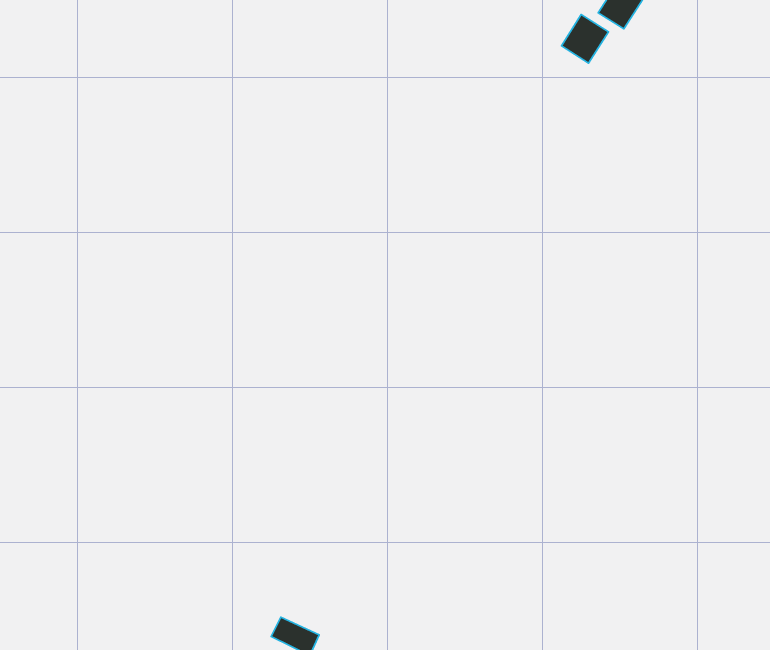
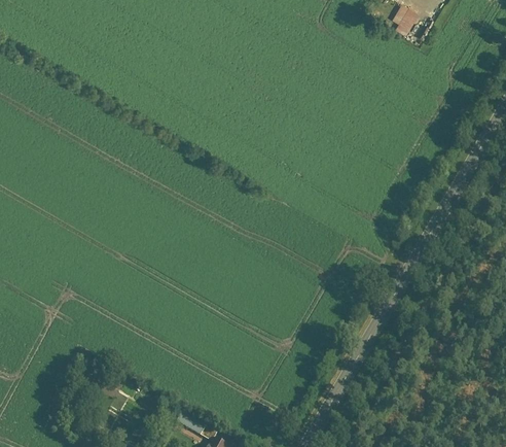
building: [561,15,608,63] -> none

